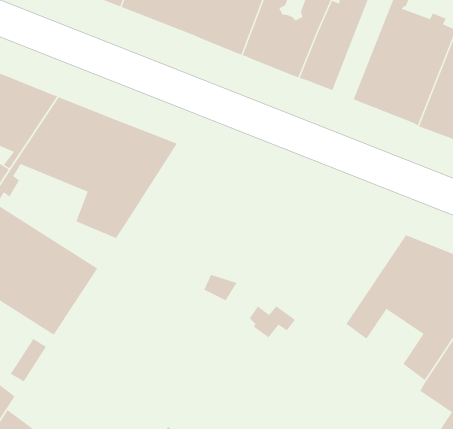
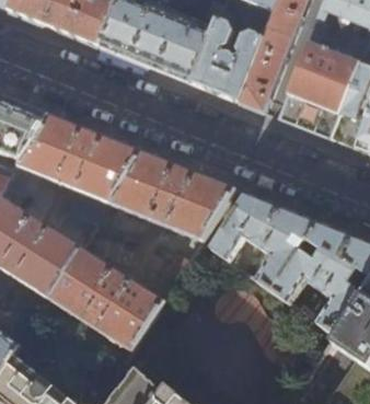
building: none -> [108,150,232,239]
building: none -> [210,192,316,289]
building: none -> [46,246,161,350]

